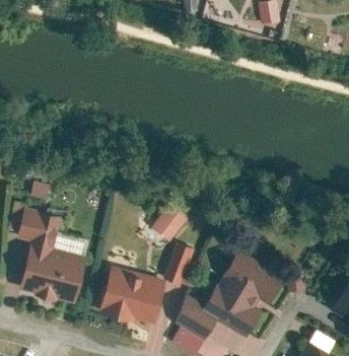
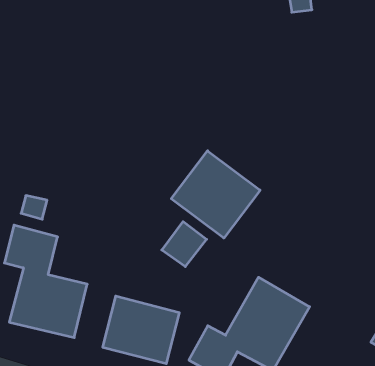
building: none -> [171,151,260,238]
building: [164,242,194,284] -> none

